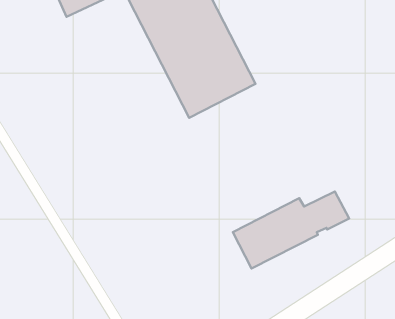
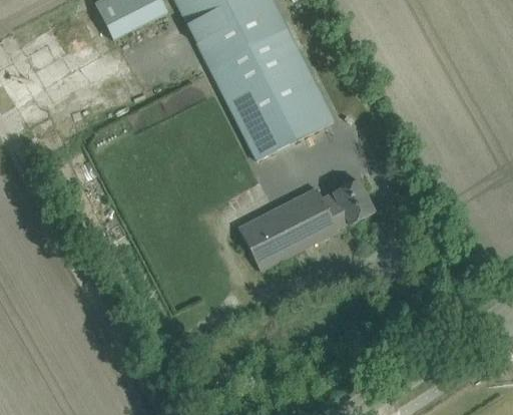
building: [233,191,349,269] -> [238,179,376,271]

